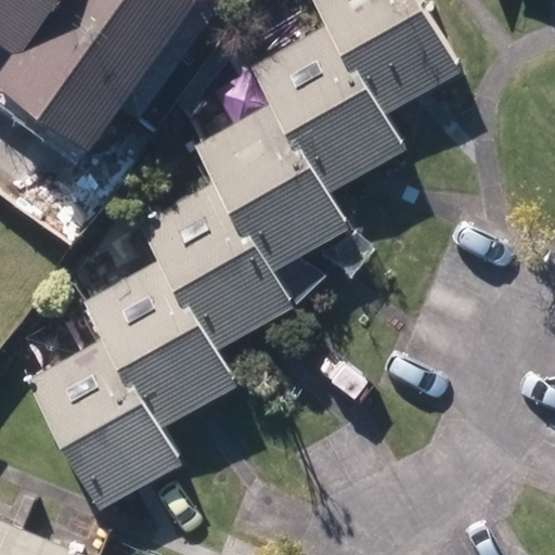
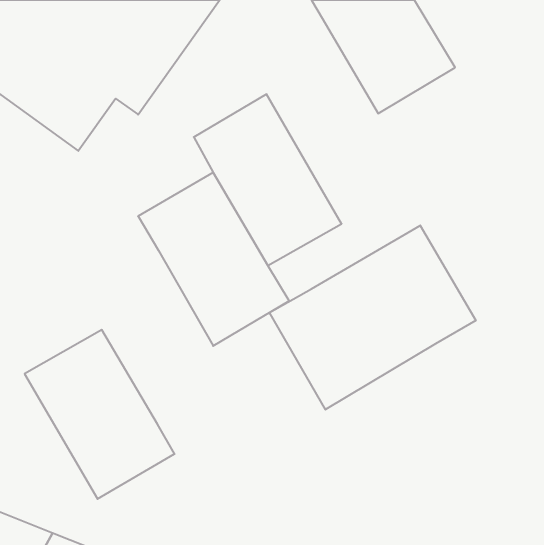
building: [250,21,402,195] -> none
building: none -> [269,225,476,410]
building: [83,256,236,431] -> none

